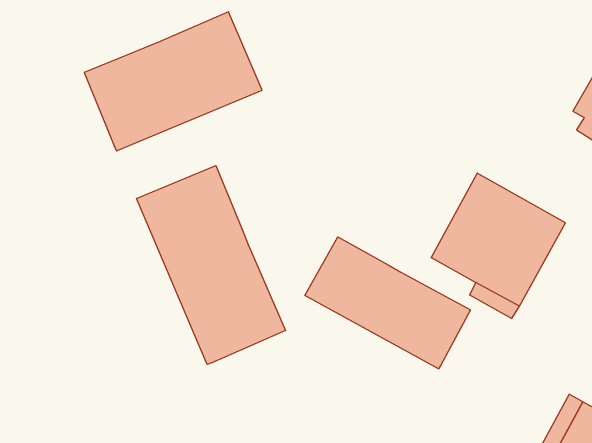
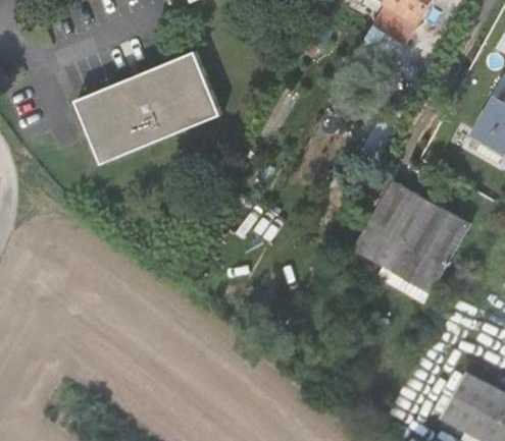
building: [137,166,285,364] -> none
building: [305,237,470,369] -> none

